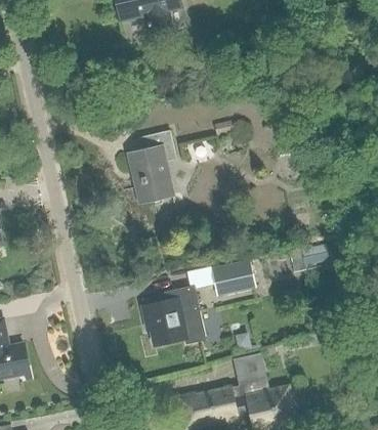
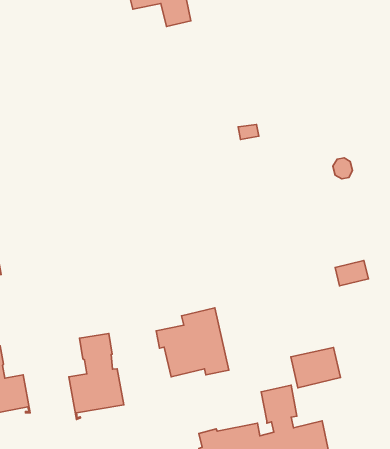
building: [126,130,177,205] -> none
building: [212,260,256,296] -> [291,348,340,388]
building: none -> [69,333,124,420]

